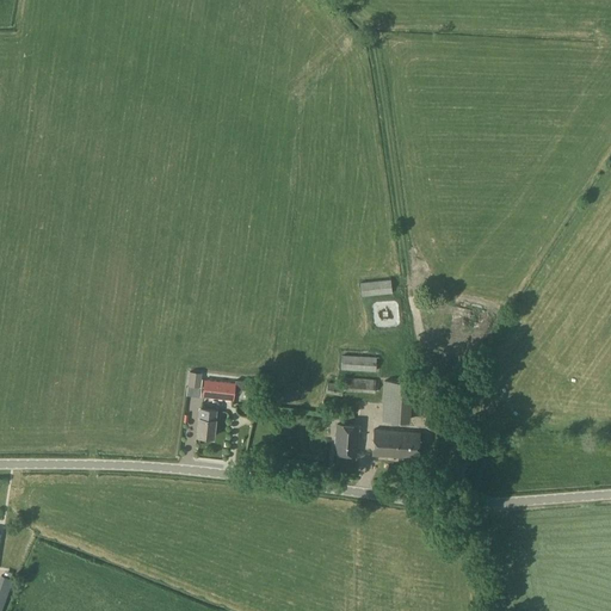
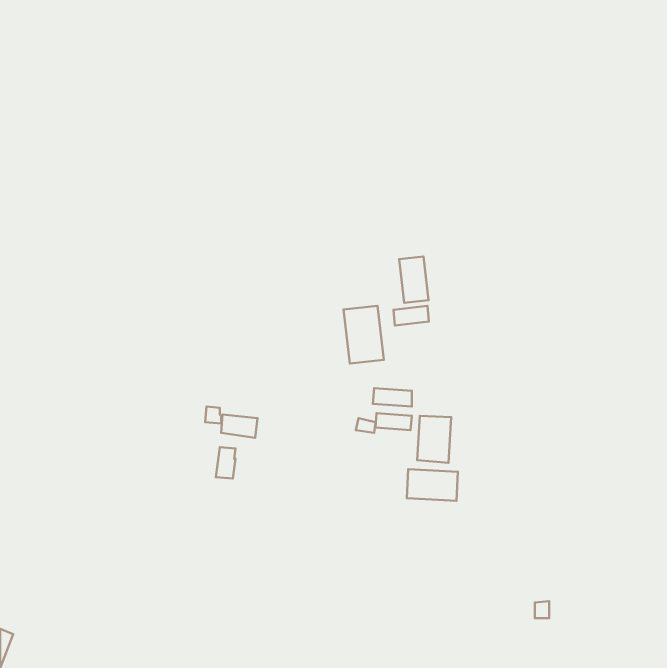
building: none -> [399,257,428,303]
building: none -> [344,306,384,363]
building: [335,422,360,453] -> none

